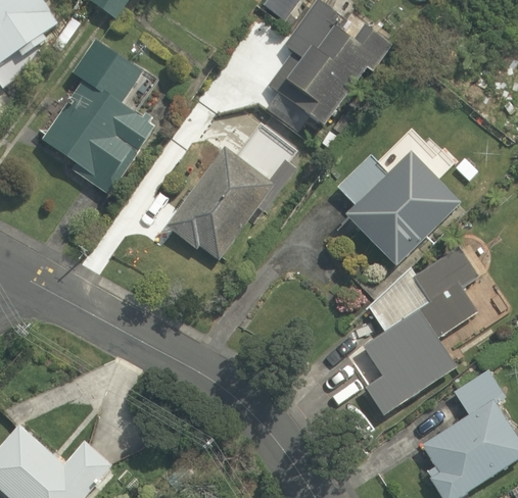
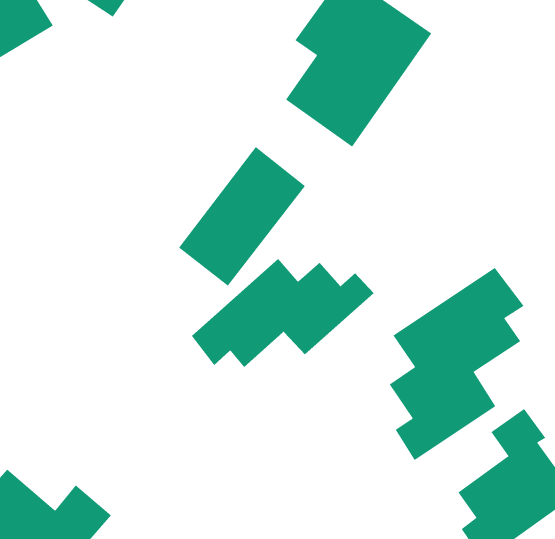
building: [40,38,156,198] -> none
building: [332,150,458,261] -> none
building: none -> [191,258,375,368]

